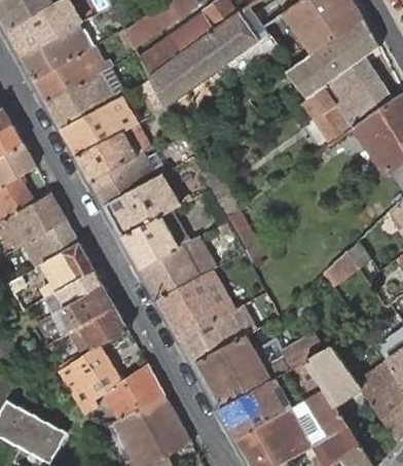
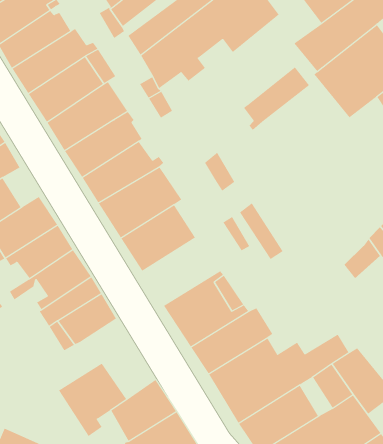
building: none -> [244,66,310,131]
building: [139,235,210,299] -> none
building: [52,309,127,370] -> none

